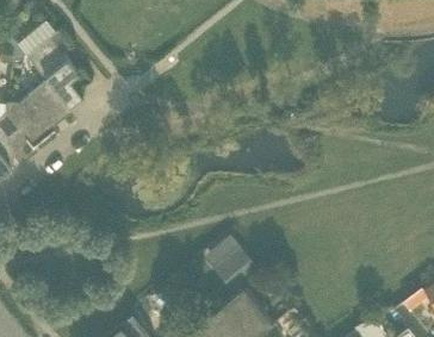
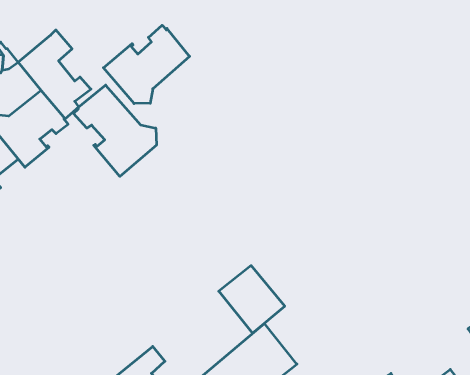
building: none -> [103,25,190,104]
building: none -> [74,85,156,176]

